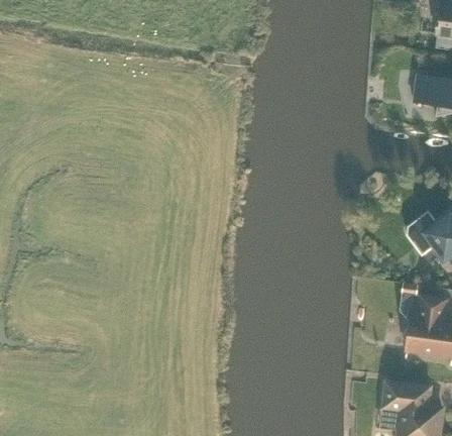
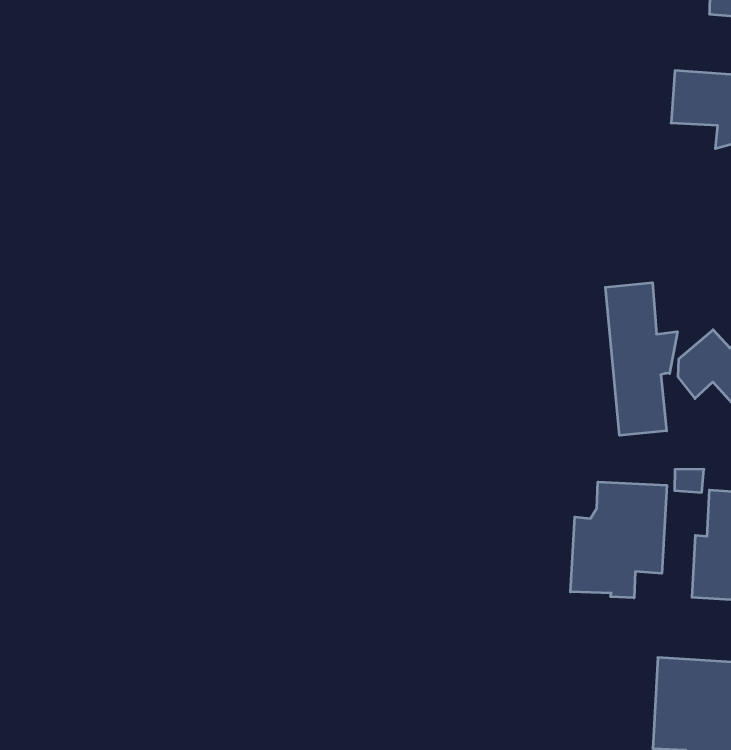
building: none -> [605,283,677,435]
building: none -> [570,482,667,598]

